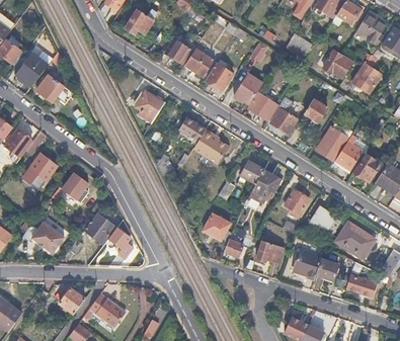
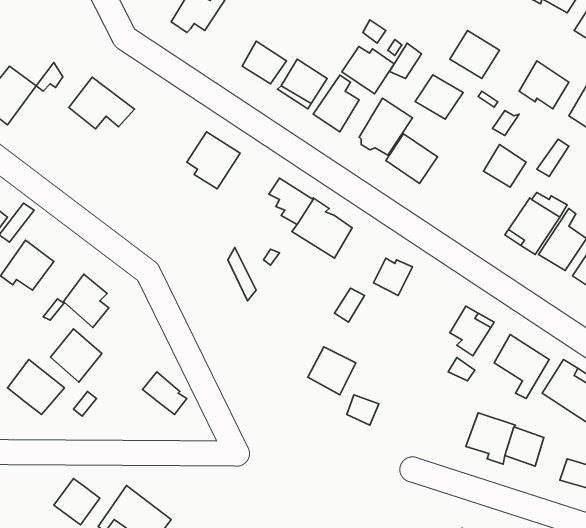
building: none -> [342,46,394,94]
building: [36,73,74,102] -> [69,77,135,129]
building: [269,107,297,133] -> [415,75,463,119]
building: [251,170,277,197] -> none
building: [85,211,114,242] -> [50,329,102,382]
building: [256,237,284,260] -> none

